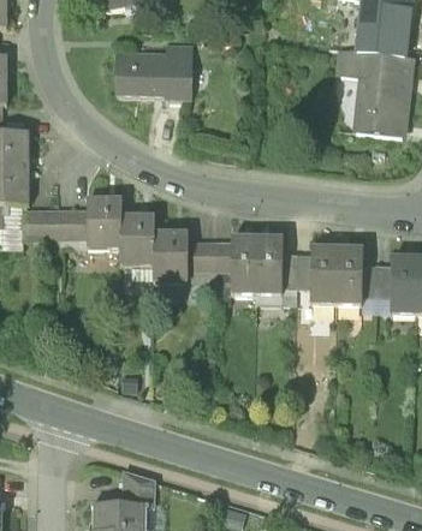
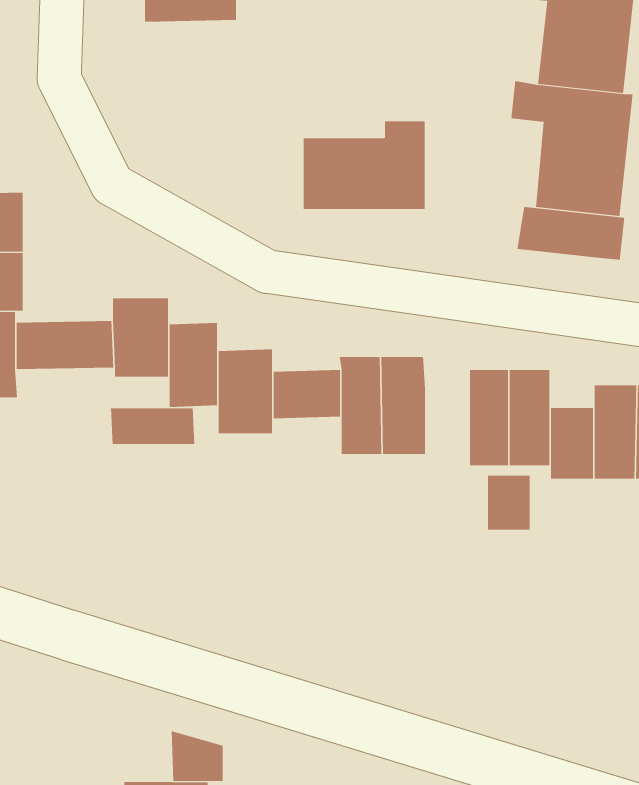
building: [115,50,194,107] -> [303,121,426,209]
building: none -> [517,206,625,261]
building: [284,252,311,287] -> [487,475,531,530]
building: none -> [111,407,195,445]

